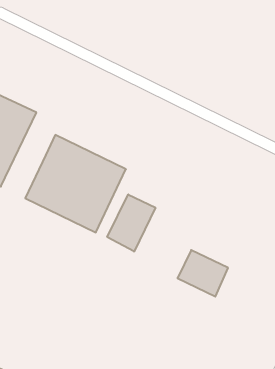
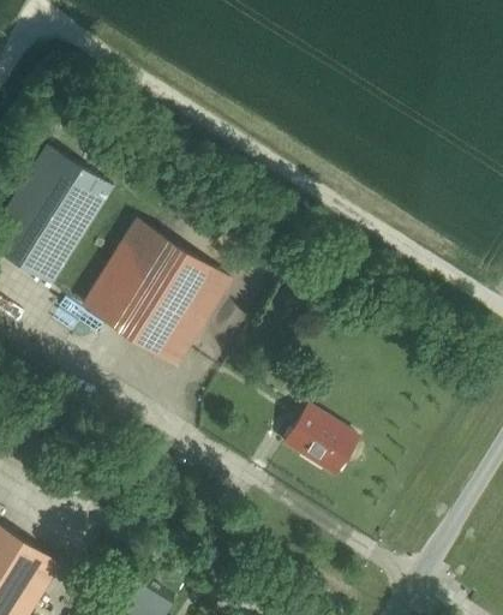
building: [107,194,155,252] -> none

